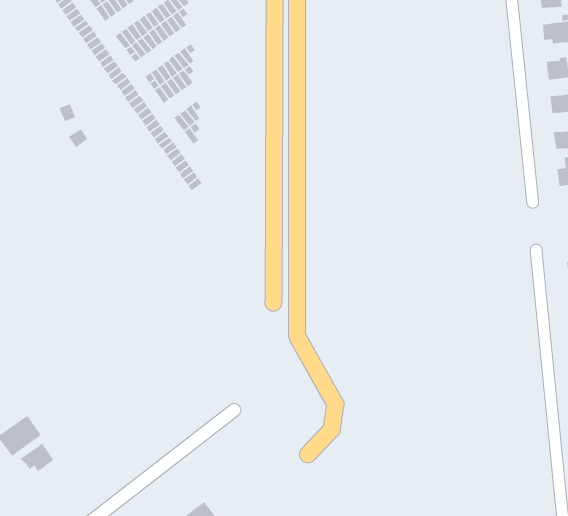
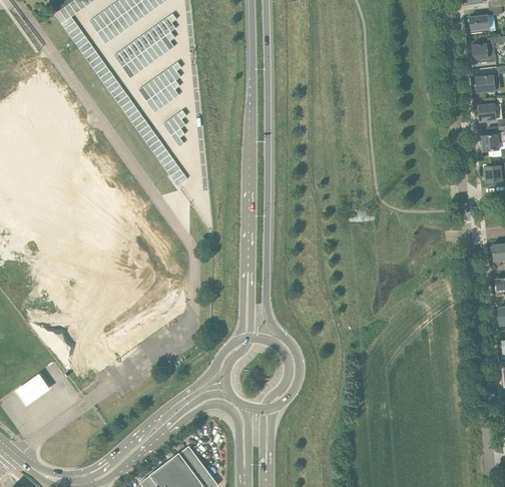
building: [20,442,54,472] -> none

